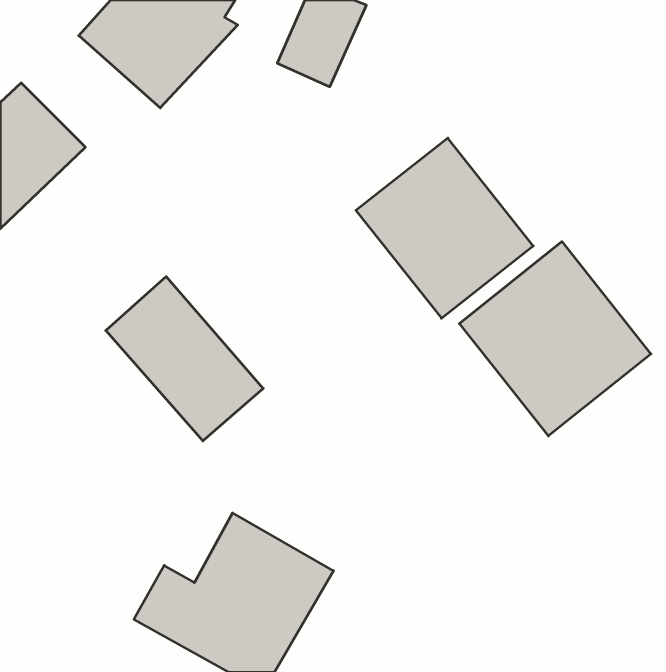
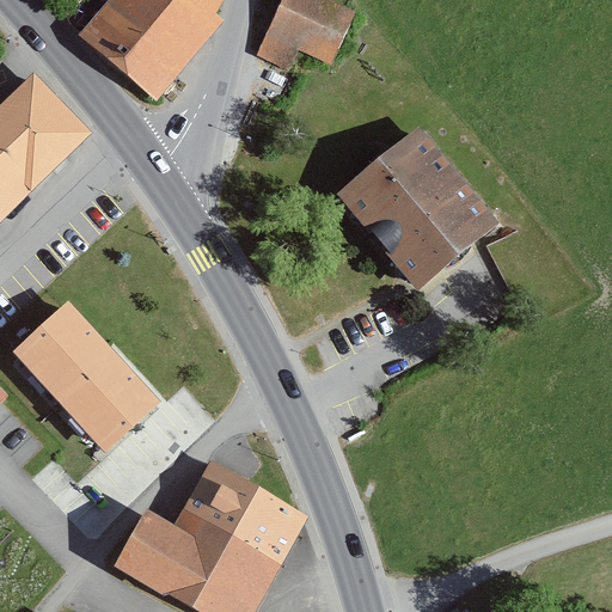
building: [459,242,651,436] -> none
building: [106,277,263,441] -> [20,294,164,443]

